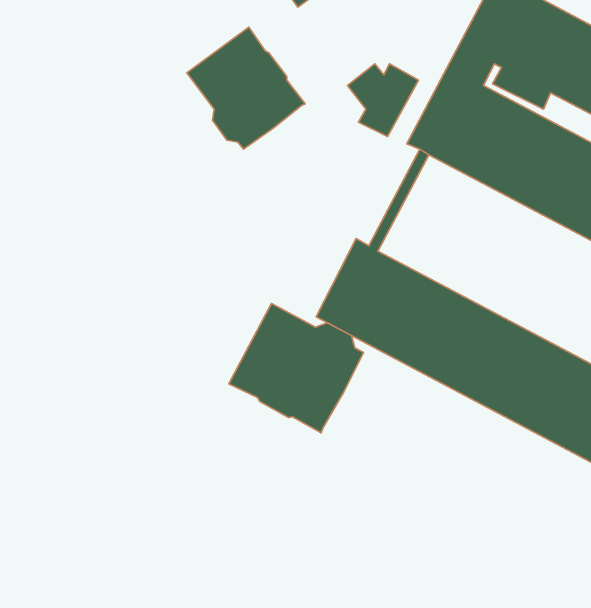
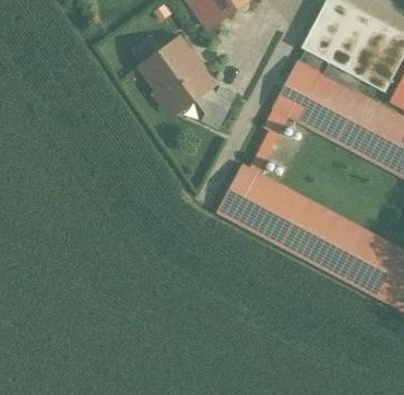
building: [348,64,419,137] -> [192,84,235,128]
building: [229,303,364,433] -> none

